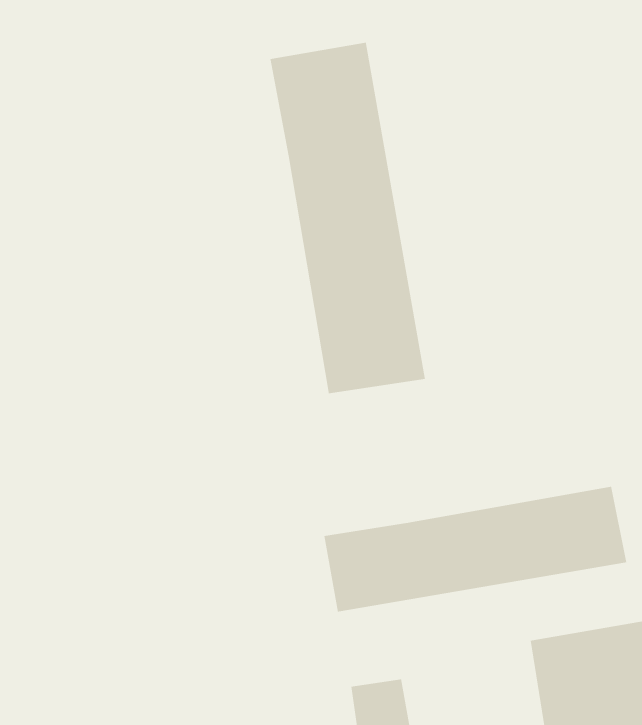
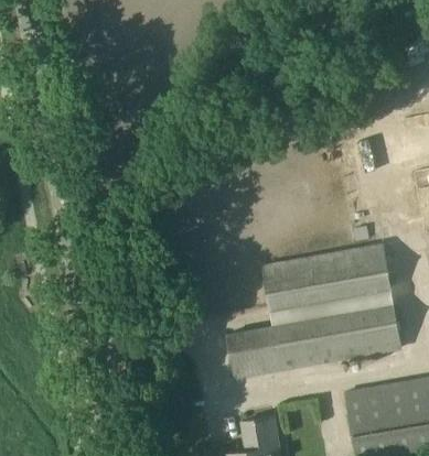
building: [270,42,426,394] -> none
building: none -> [264,245,390,310]

